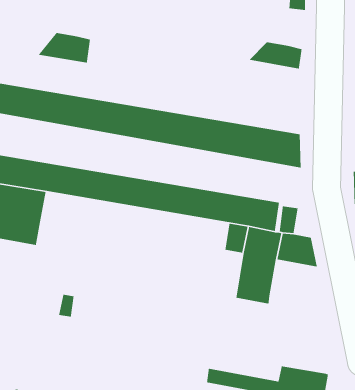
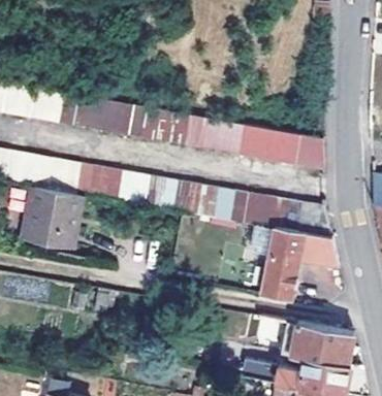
building: [38,32,91,64] -> none
building: [248,41,303,70] -> none
building: none -> [281,320,354,364]

